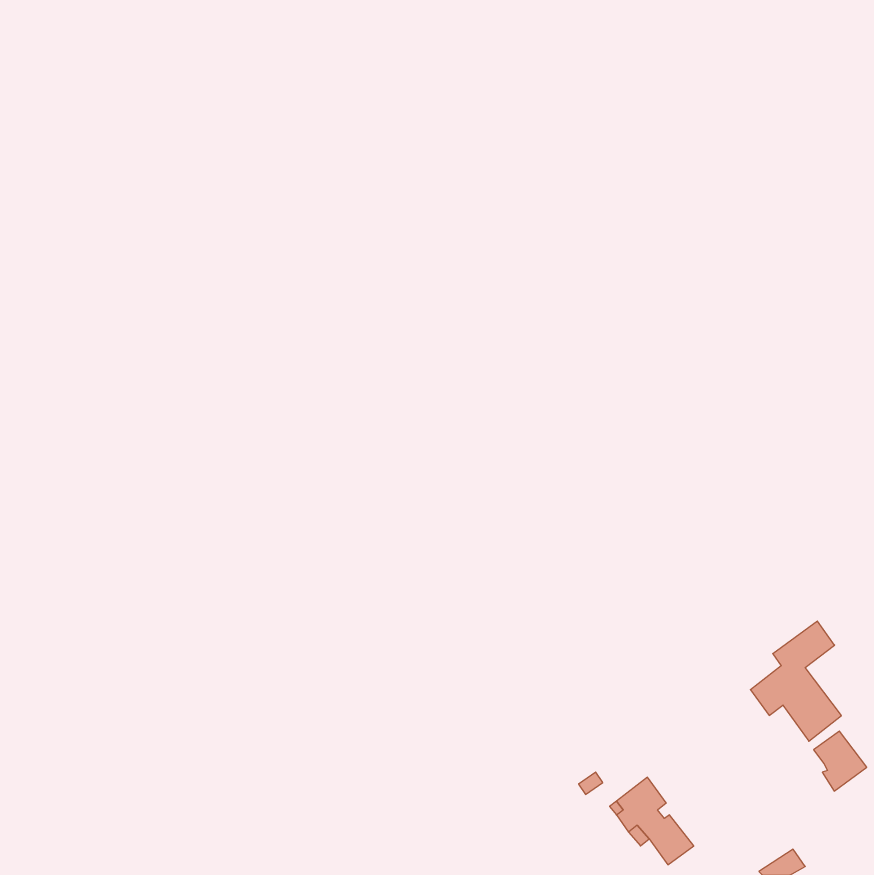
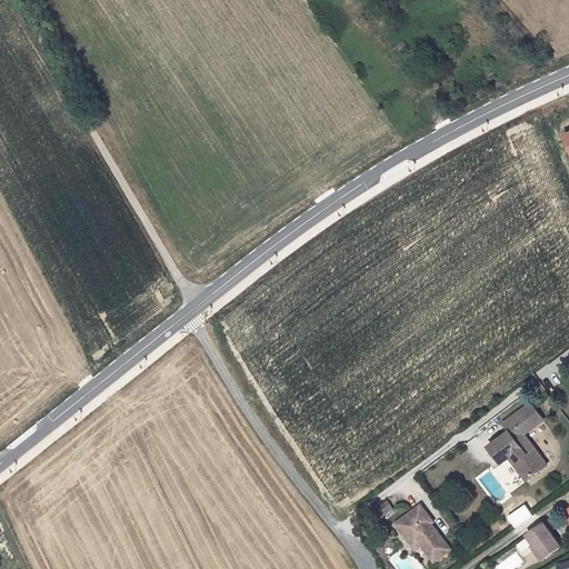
building: [814,731,867,791] -> [526,520,560,559]

